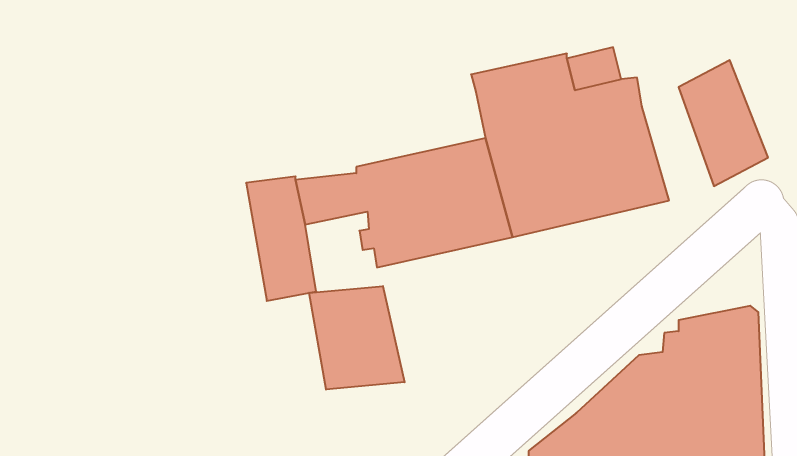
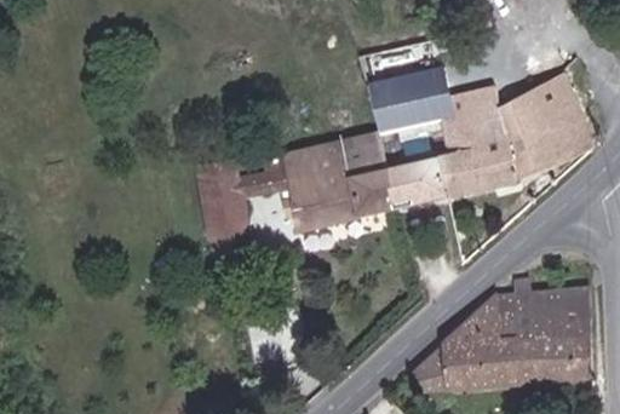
building: none -> [498,93,552,179]
building: [309,286,405,390] -> none

